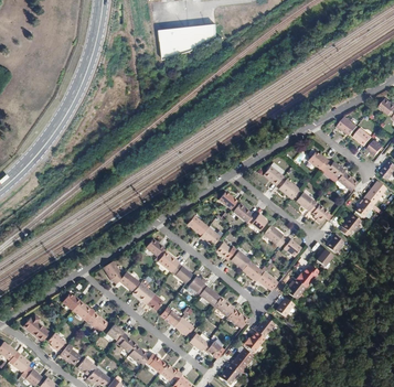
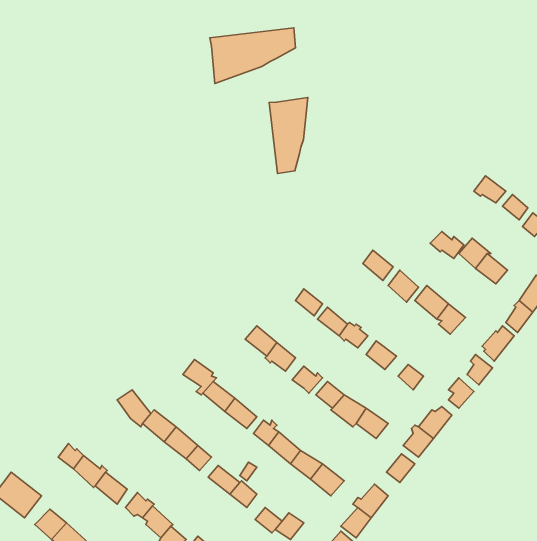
building: none -> [269,97,308,173]

